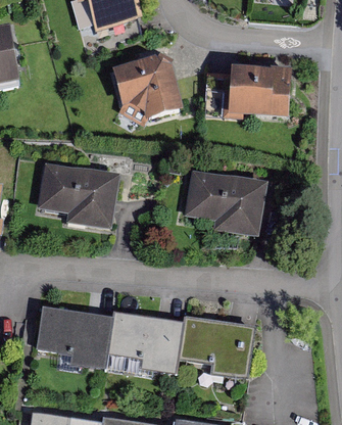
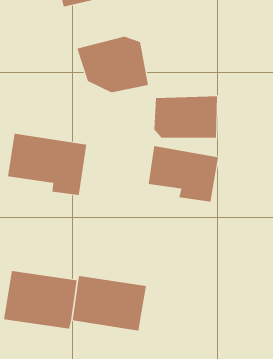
building: [224,67,292,112] -> [153,96,218,138]
building: [177,315,253,372] -> none

